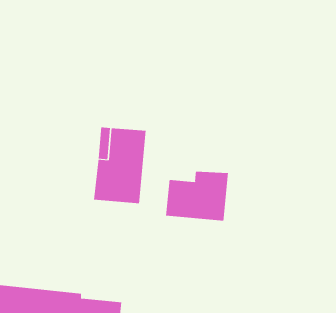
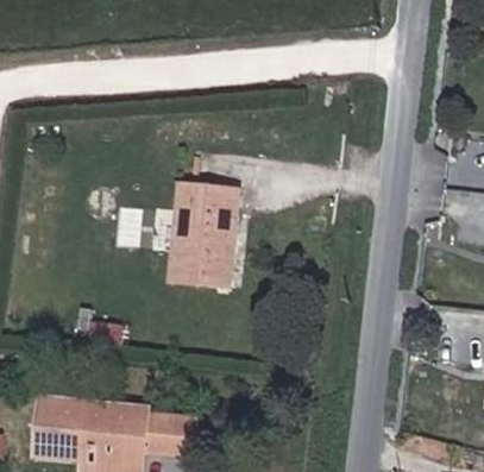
building: [166,171,229,221] -> none

